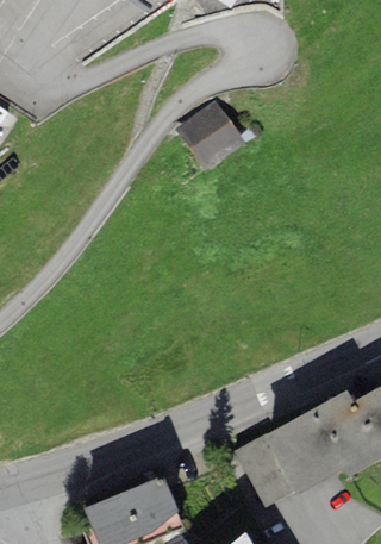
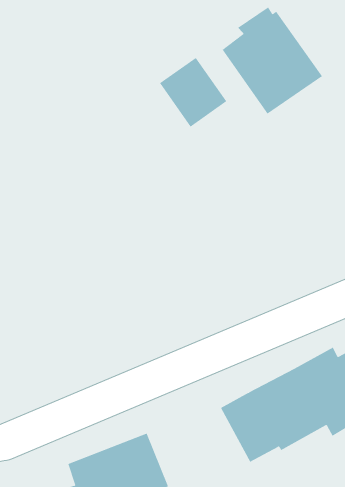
building: none -> [222,6,323,115]

